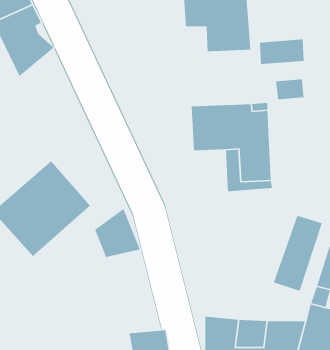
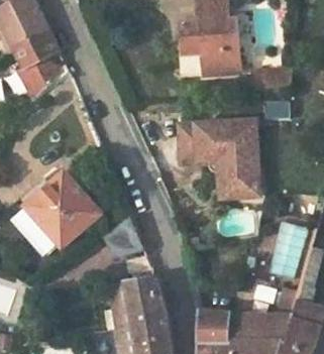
building: none -> [107,273,166,330]

